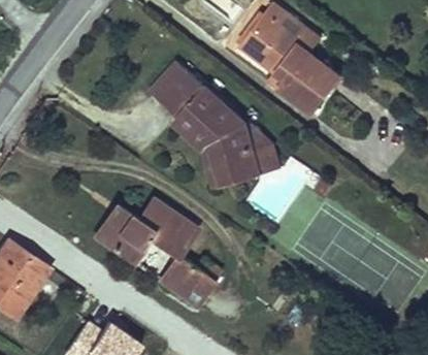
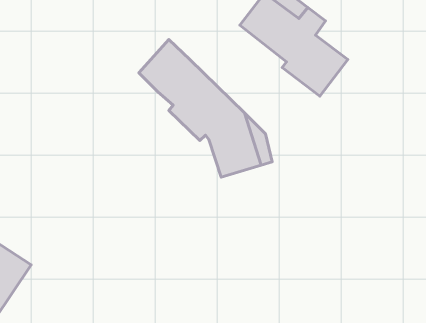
building: [94,205,216,304] -> none

